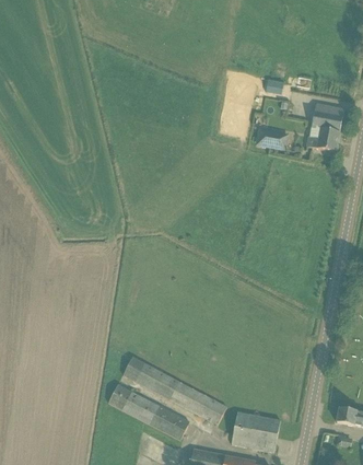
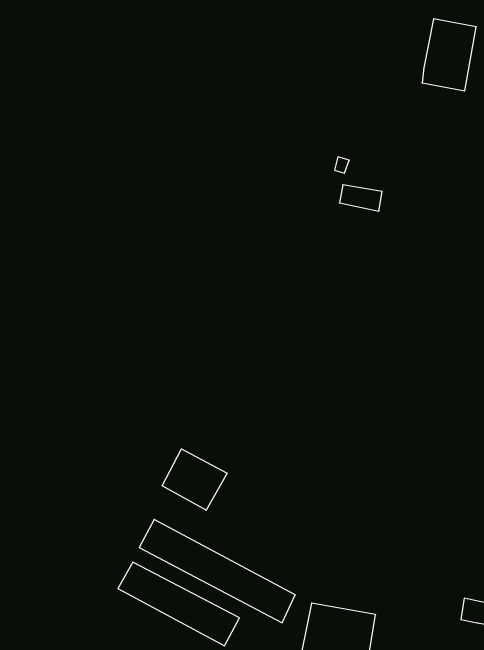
building: [307,103,343,151] -> [422,19,476,91]
building: none -> [162,449,227,510]

